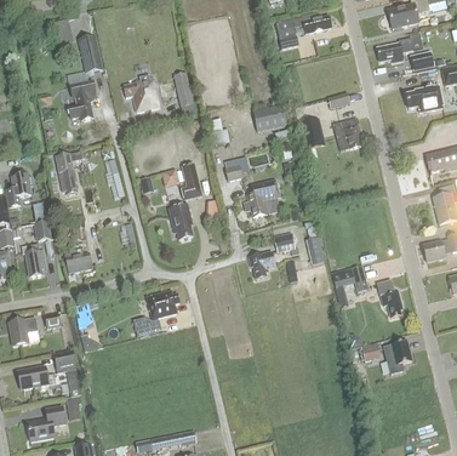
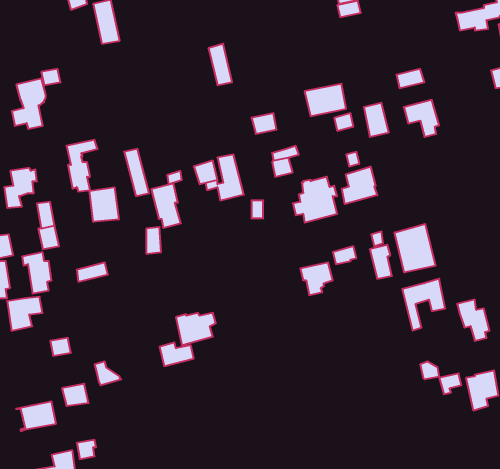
building: [122,75,158,110] -> none
building: [67,79,95,120] -> [12,79,46,129]
building: none -> [342,166,377,204]
building: none -> [90,187,119,222]
building: [167,203,192,239] -> [151,183,181,228]
building: none -> [395,224,436,273]
building: [7,318,36,346] -> [7,297,43,331]

